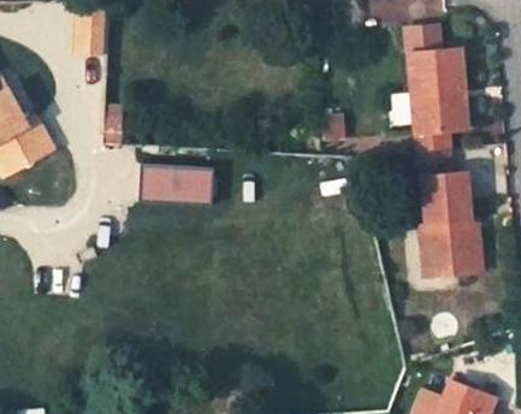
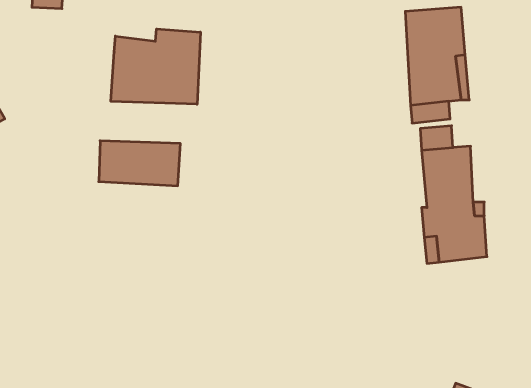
building: none -> [111,29,200,104]

